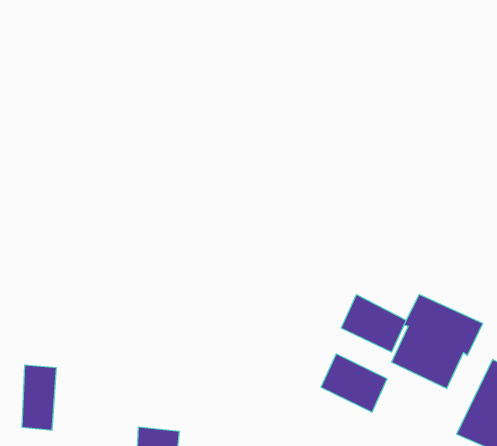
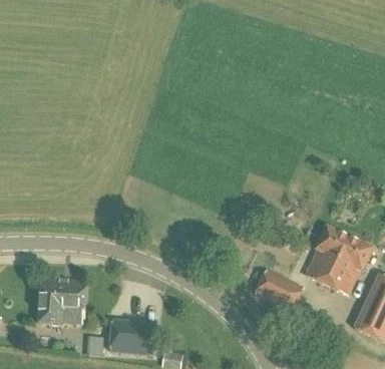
building: [341,295,406,352] -> none
building: none -> [60,279,85,324]

